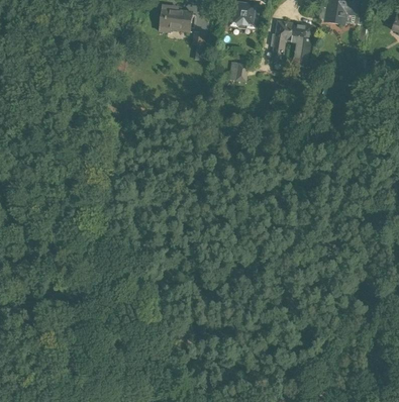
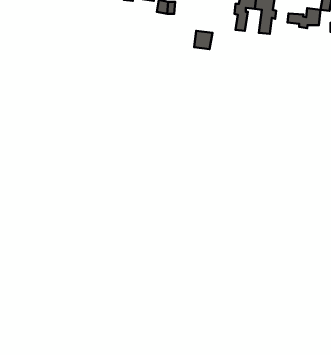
building: none -> [287,8,320,28]

